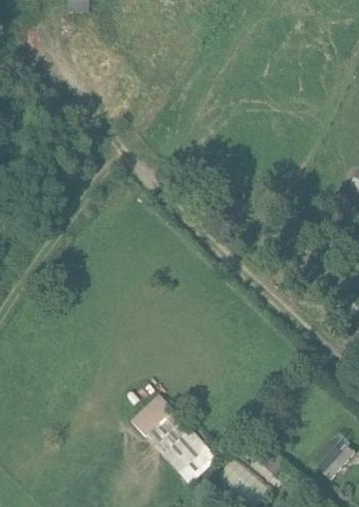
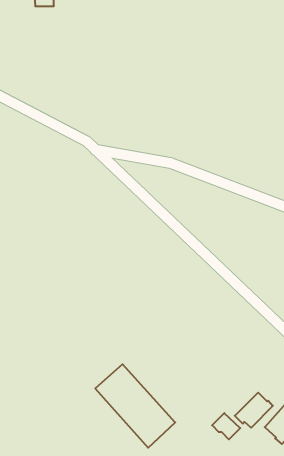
building: none -> [235,393,273,428]

